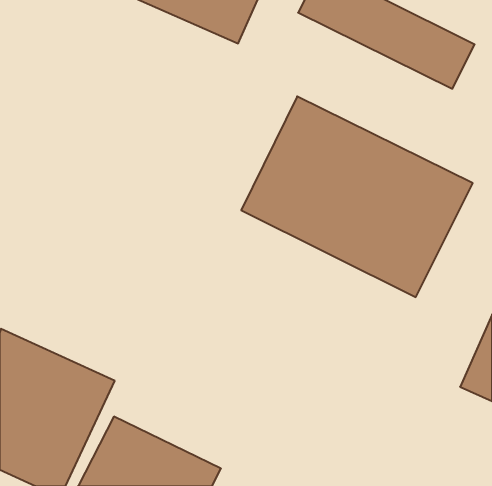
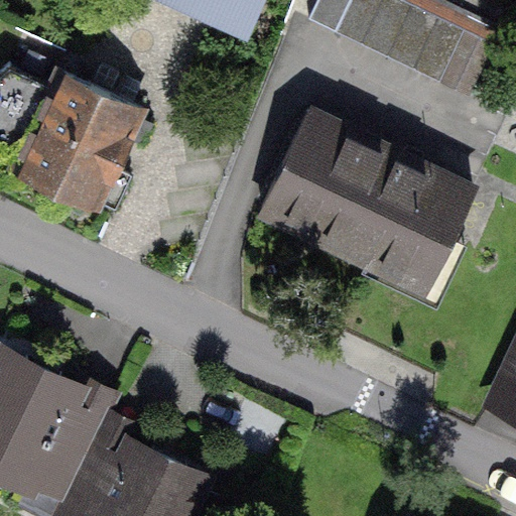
building: none -> [15,77,145,213]

